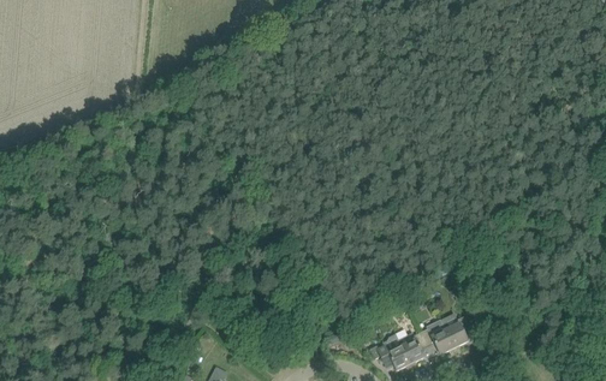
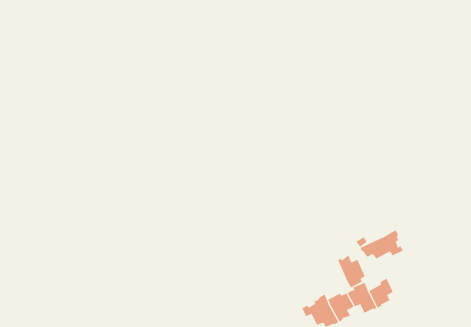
building: none -> [360,229,404,259]
building: none -> [337,255,366,288]

